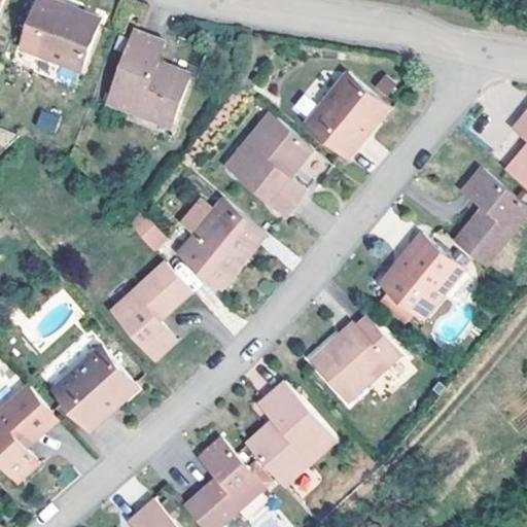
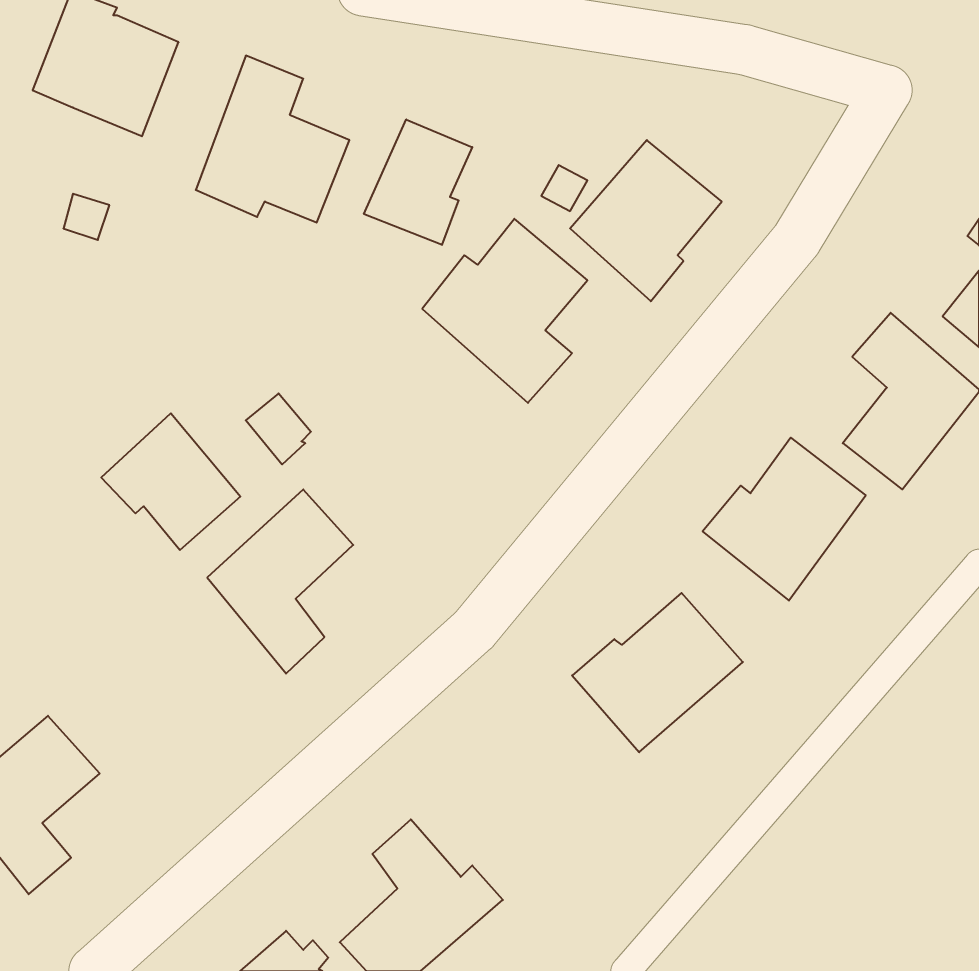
building: none -> [364,119,472,245]
building: [177,198,264,289] -> none
building: none -> [101,413,240,550]
building: [51,345,134,430] -> none
building: [245,383,332,481] -> none

